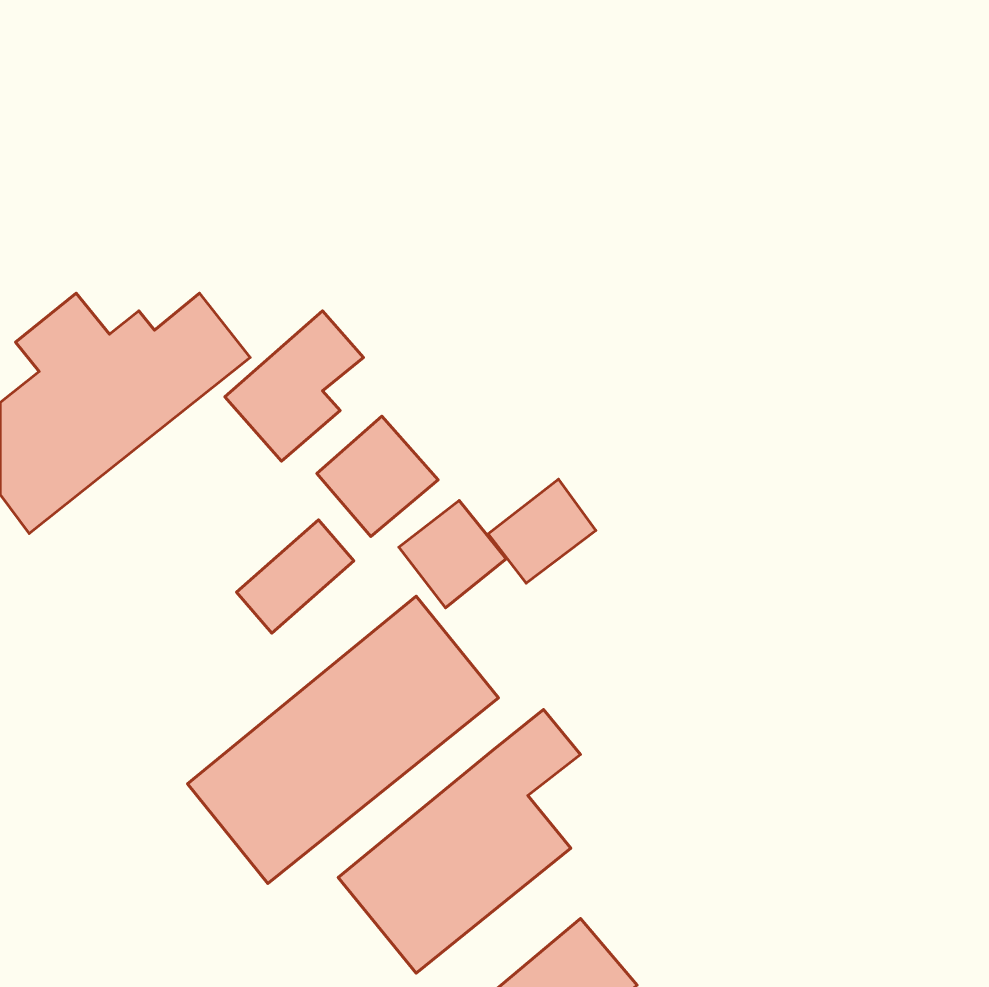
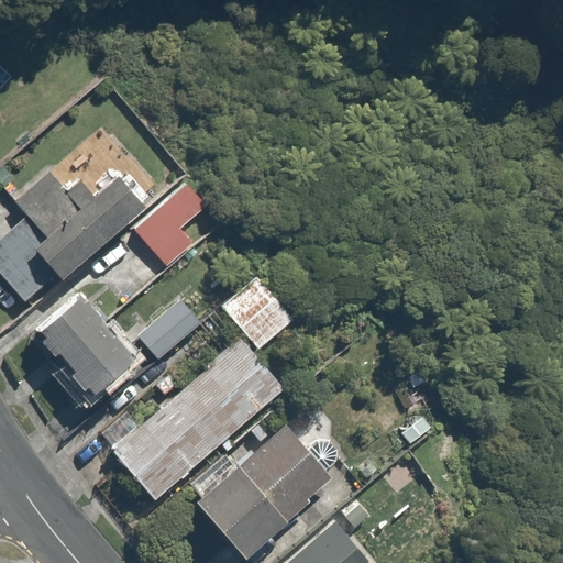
building: [317,416,438,537] -> none
building: [488,479,596,583] -> none
building: none -> [35,288,134,391]

